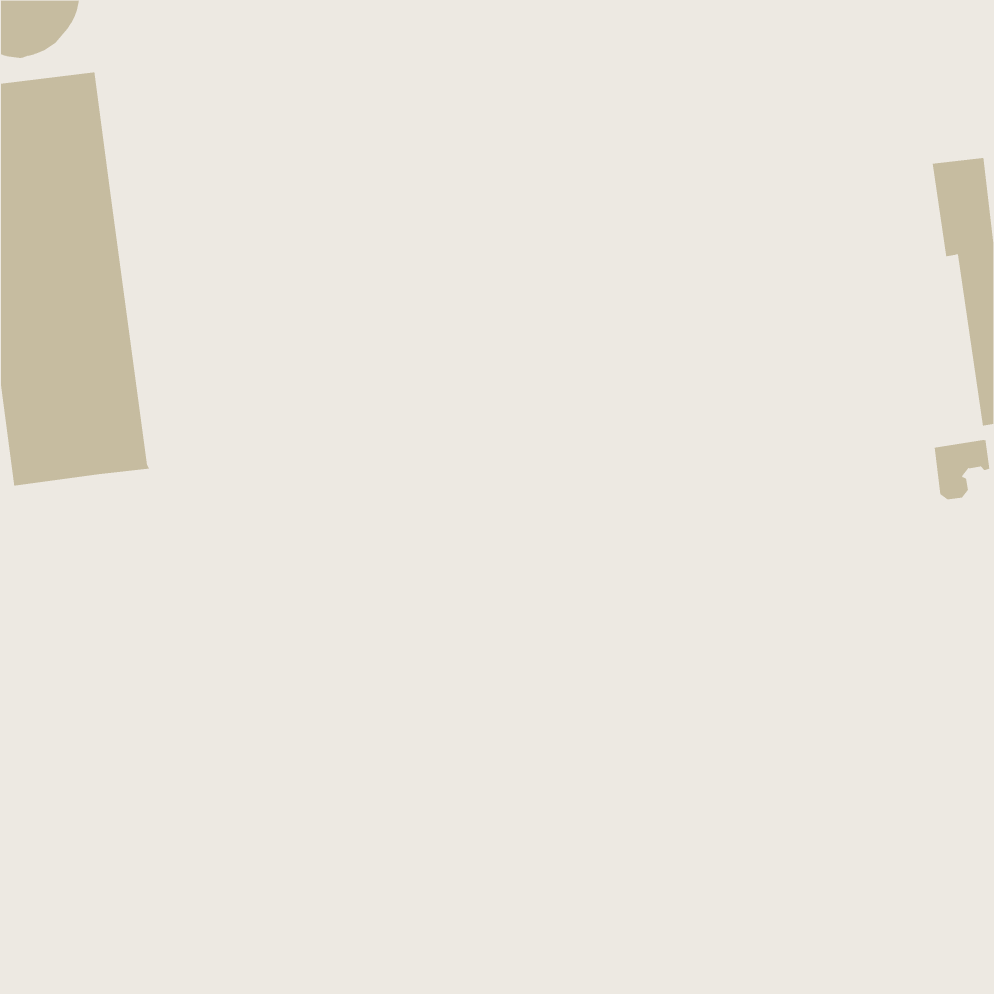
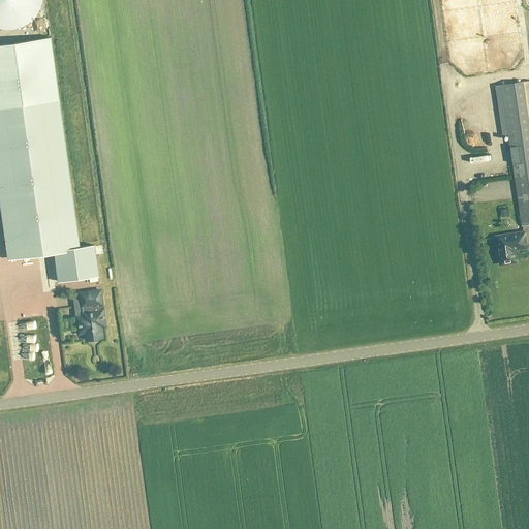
building: none -> [53,245,98,283]
building: none -> [76,292,104,342]

